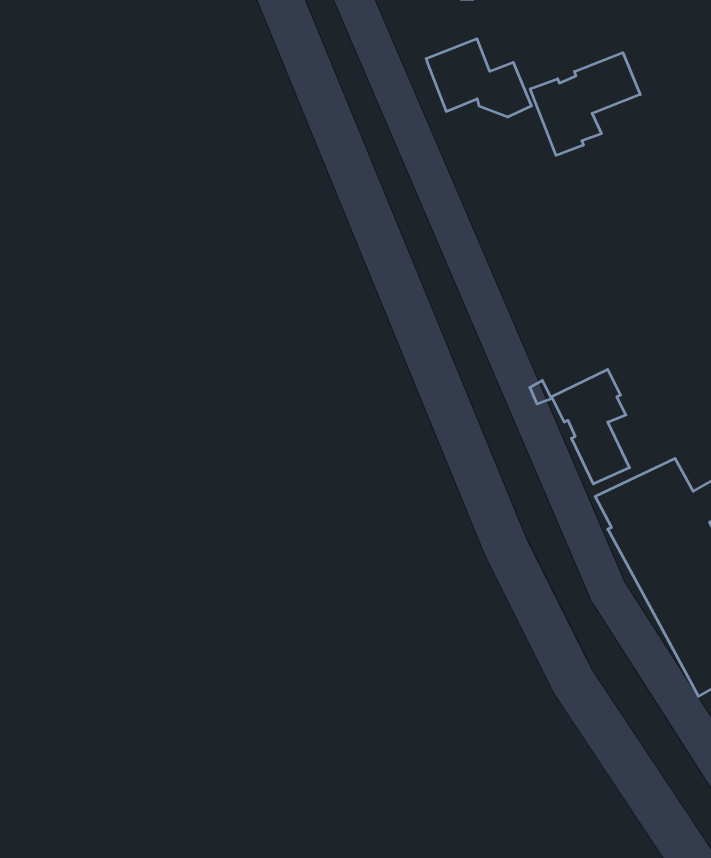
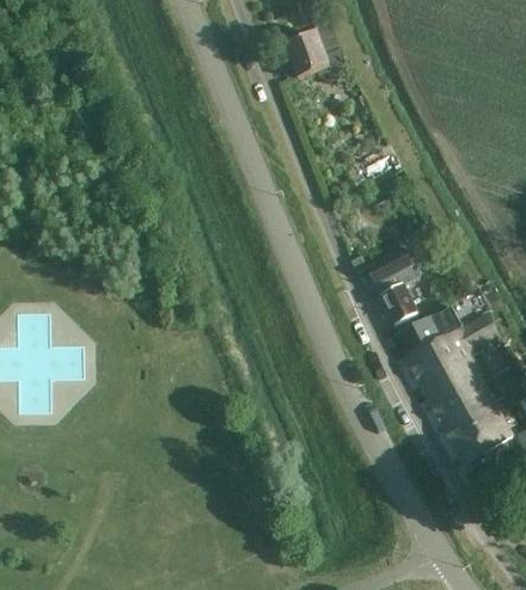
building: [530,53,640,155] -> none

